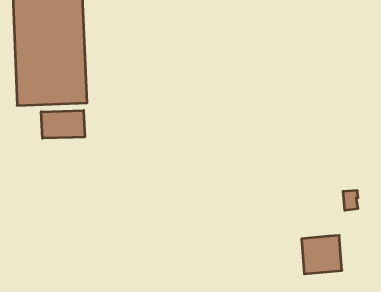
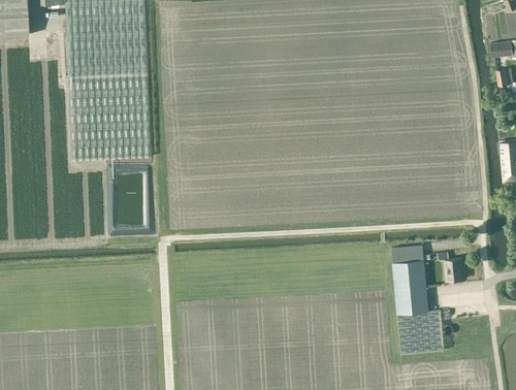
building: [41,110,85,138] -> none
building: none -> [391,245,428,314]

